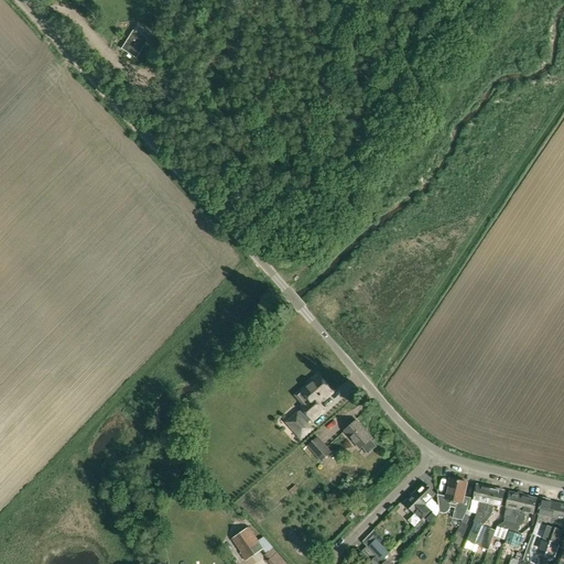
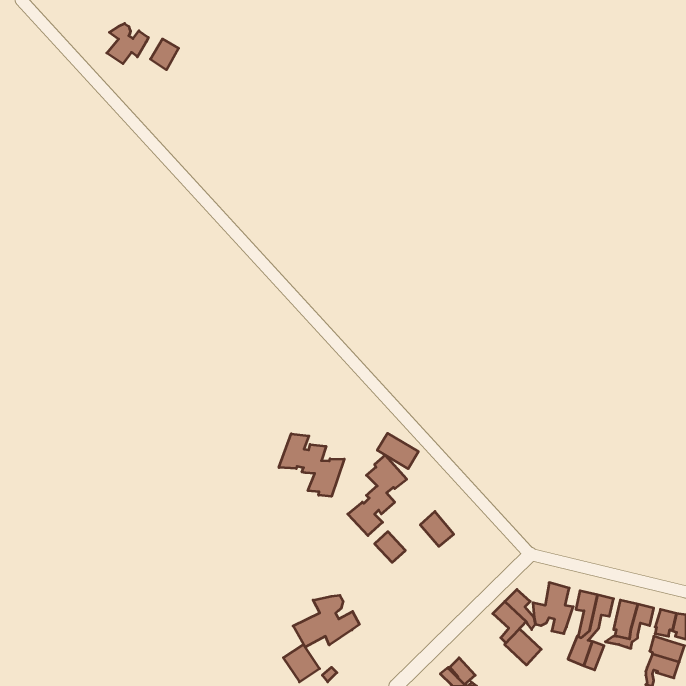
building: none -> [107,23,148,64]
building: none -> [377,433,418,469]
building: none -> [279,434,344,496]
building: none -> [293,595,359,647]
building: none -> [505,629,541,665]

